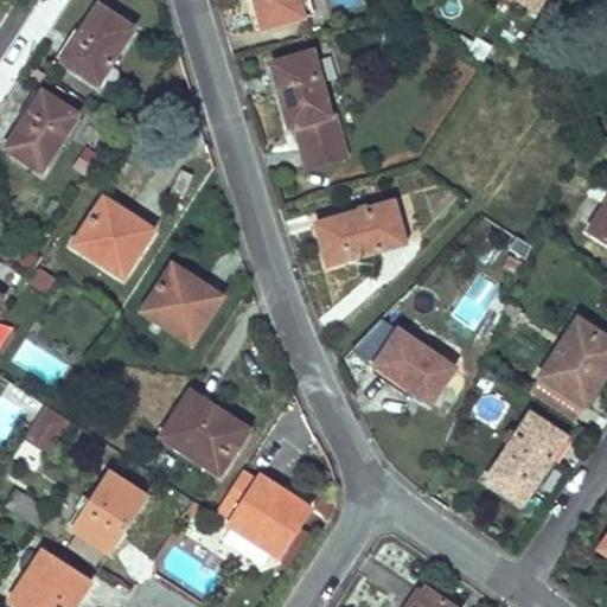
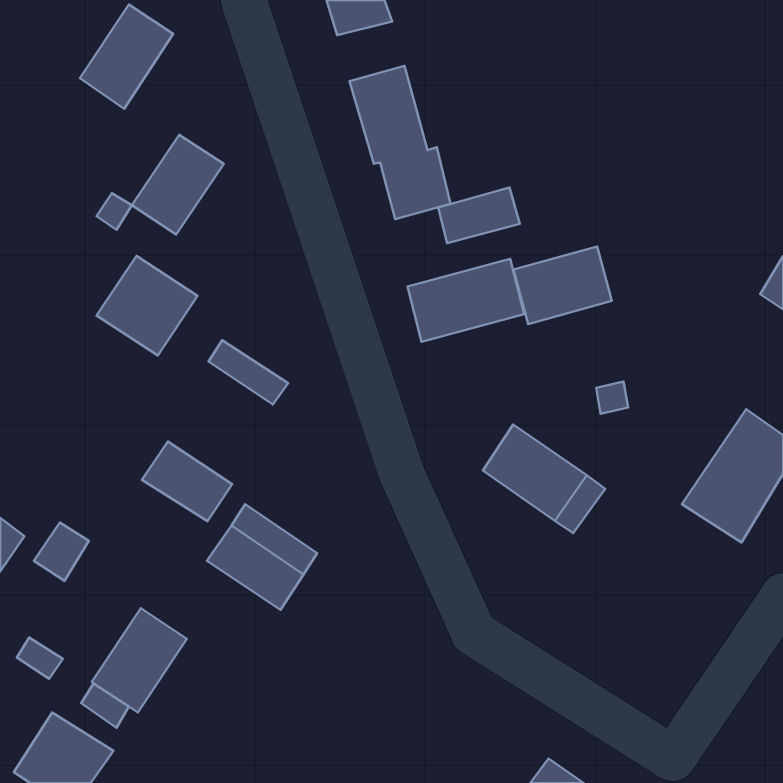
building: [5,91,76,168] -> [132,135,224,234]
building: none -> [438,187,520,243]
building: none -> [514,246,612,324]
building: [141,280,211,341] -> [142,441,232,521]
building: [485,413,563,501] -> none
building: [215,468,308,555] -> none

